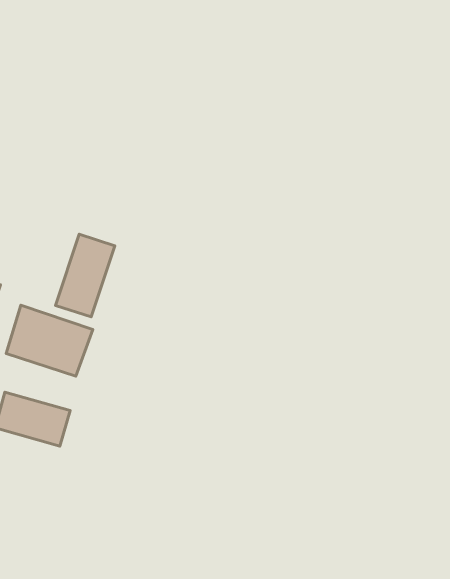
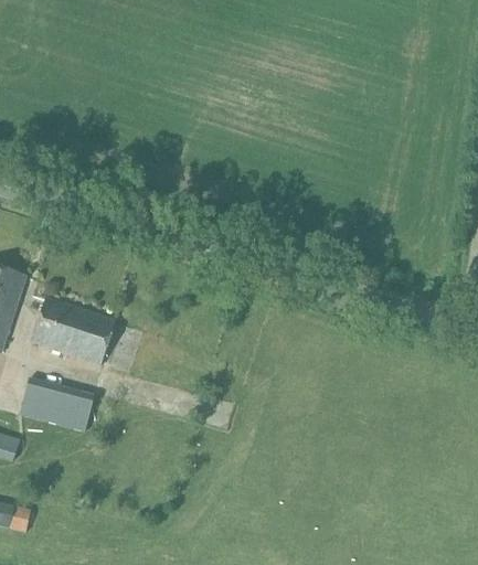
building: [55,234,115,317] -> none

